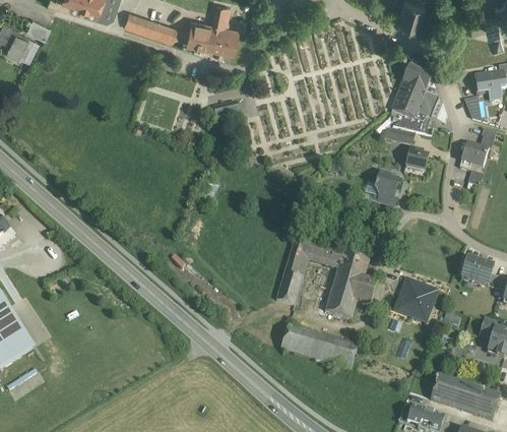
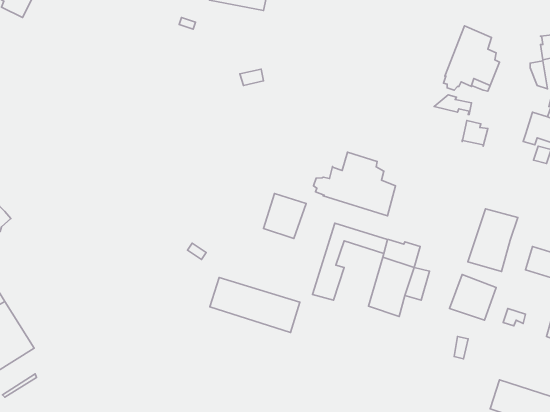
building: [376,171,398,203] -> none
building: none -> [313,152,396,216]
building: none -> [264,194,306,238]
building: none -> [468,209,518,271]
building: [280,322,359,370] -> [210,278,300,332]

